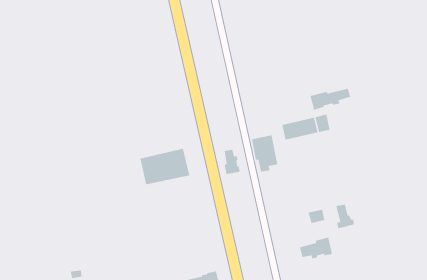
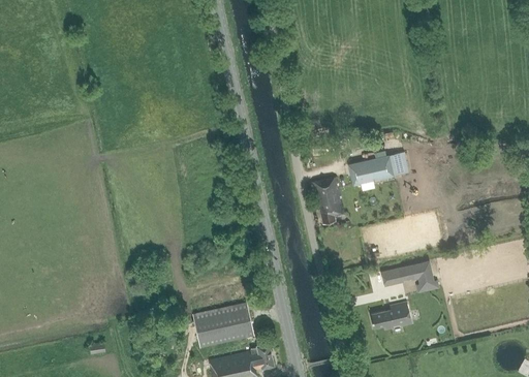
building: [310,88,351,111] -> none
building: [140,148,190,185] -> [192,302,254,347]
building: [224,149,241,175] -> none

